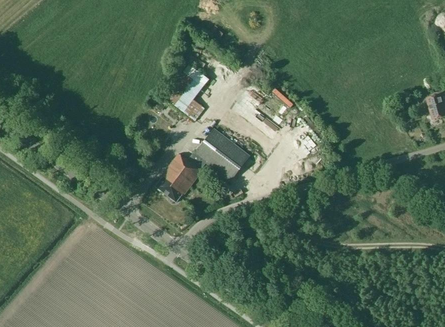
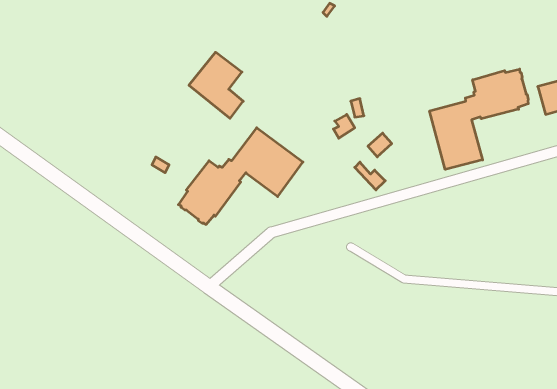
building: none -> [430,69,528,169]

